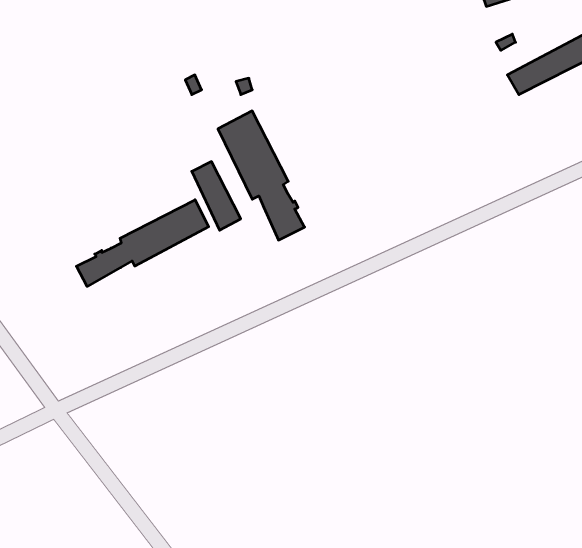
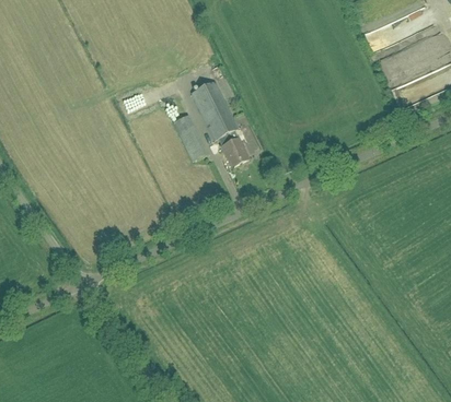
building: [76,200,209,286] -> none

